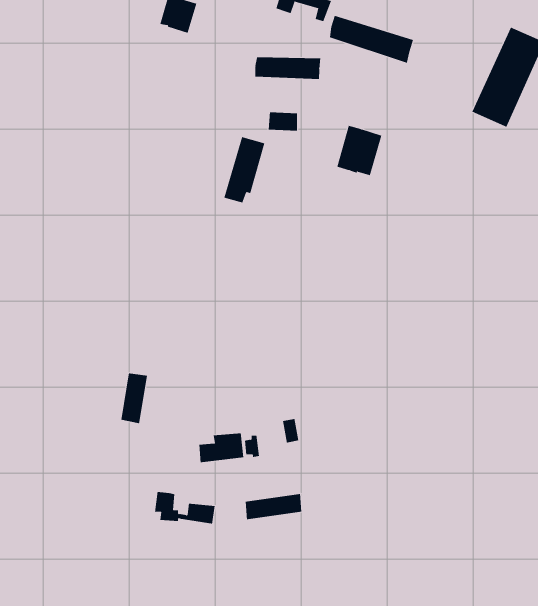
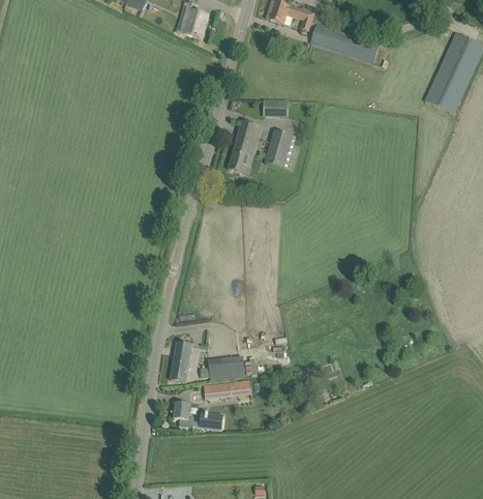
building: [255,57,321,80] -> none
building: [337,125,382,176] -> [265,129,301,170]
building: [120,373,148,424] -> [170,342,191,382]
building: [245,494,302,520] -> [205,378,250,399]

